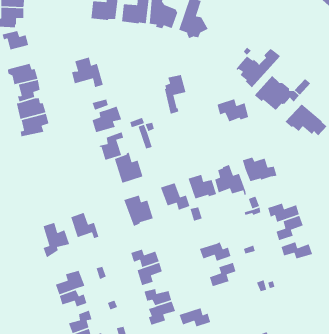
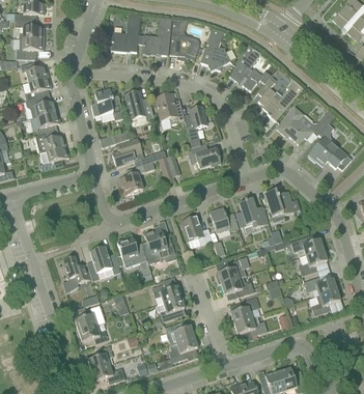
building: none -> [229,44,272,90]
building: none -> [24,77,52,100]
building: none -> [125,91,155,121]
building: none -> [156,93,185,124]
building: [217,98,249,123] -> [188,143,221,168]
building: [114,151,143,184] -> [117,234,147,268]
building: none -> [216,256,250,283]
building: none -> [309,289,340,315]
building: [179,307,211,328] -> [234,315,268,336]

